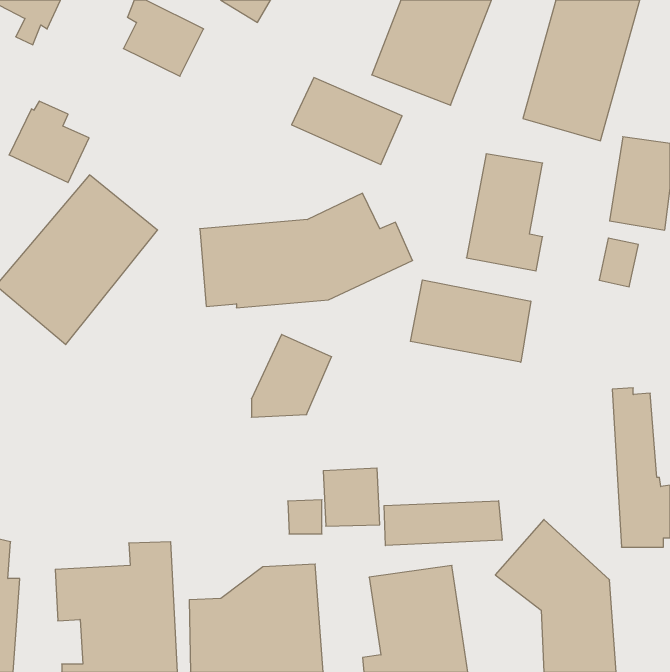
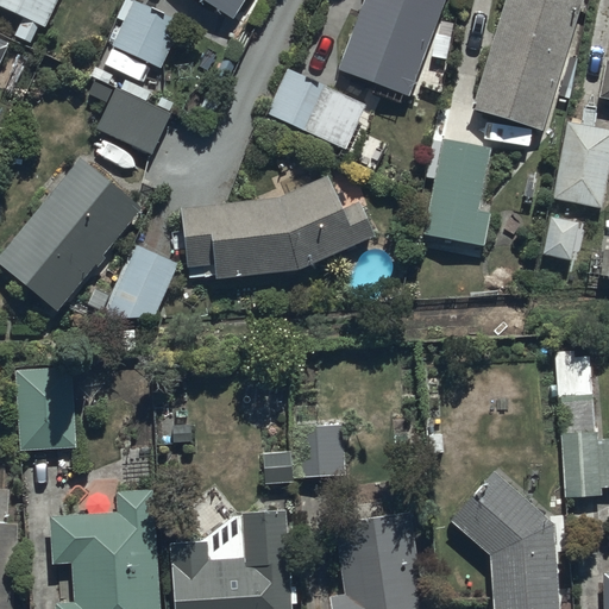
building: [9,101,89,183] -> [96,80,169,153]
building: [410,280,531,362] -> none
building: [251,334,332,417] -> [106,244,178,319]
building: none -> [14,366,75,450]
building: [384,501,502,546] -> none

